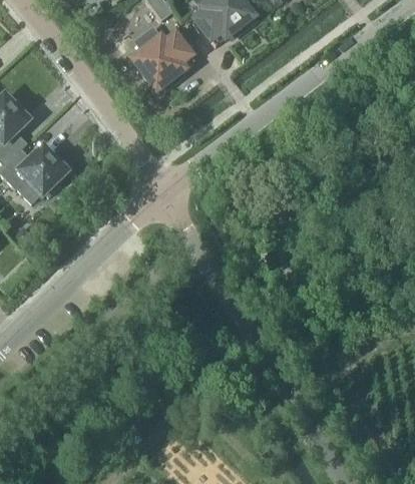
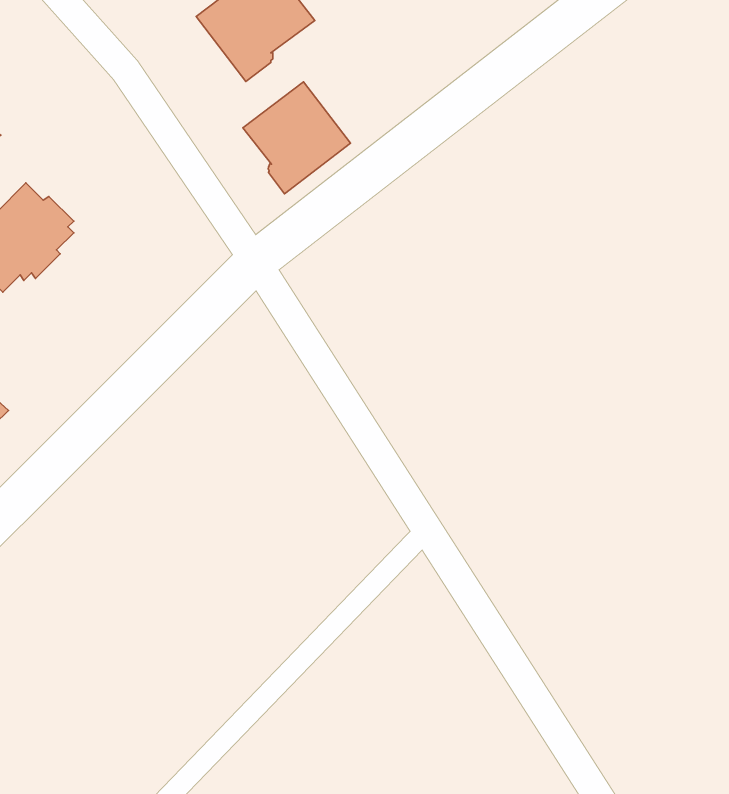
building: none -> [243,82,351,194]

